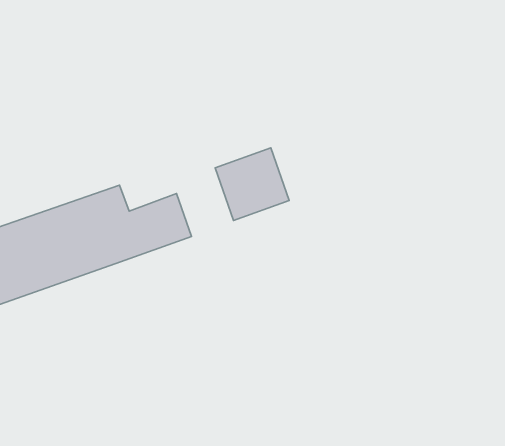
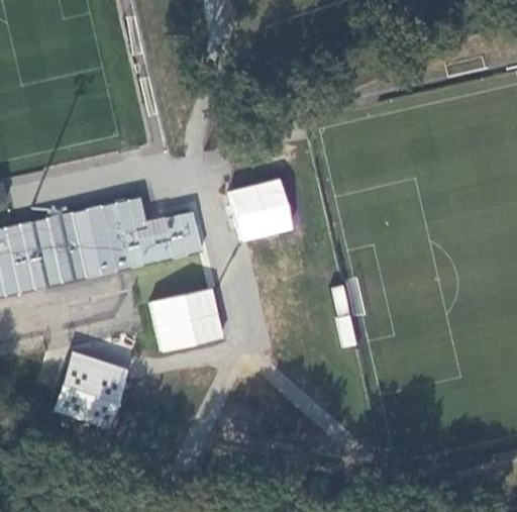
building: none -> [147,288,224,353]
building: none -> [51,350,128,430]

